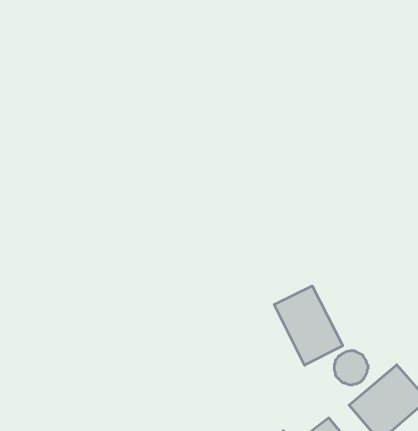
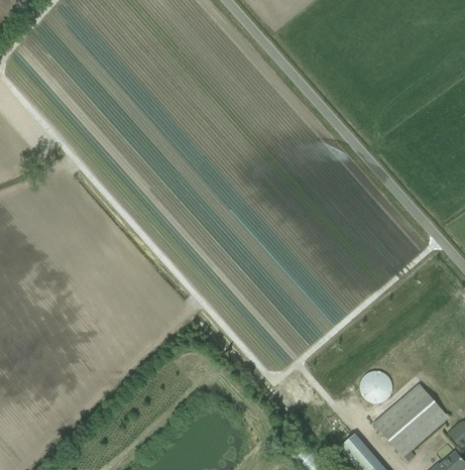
building: [274,286,343,365] -> none

